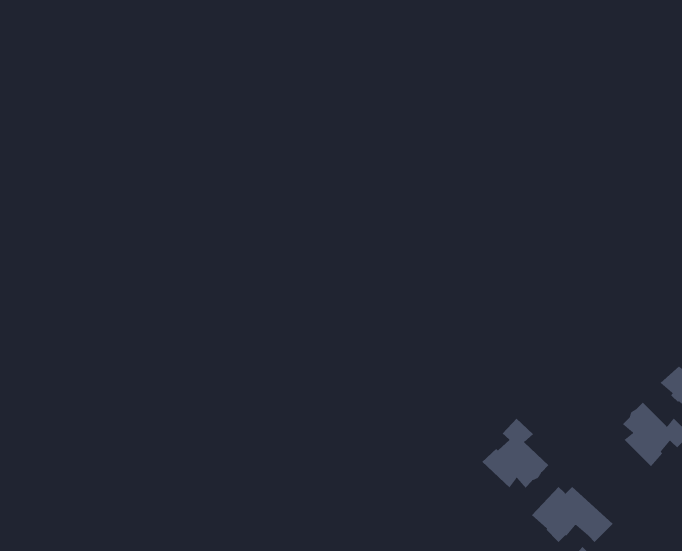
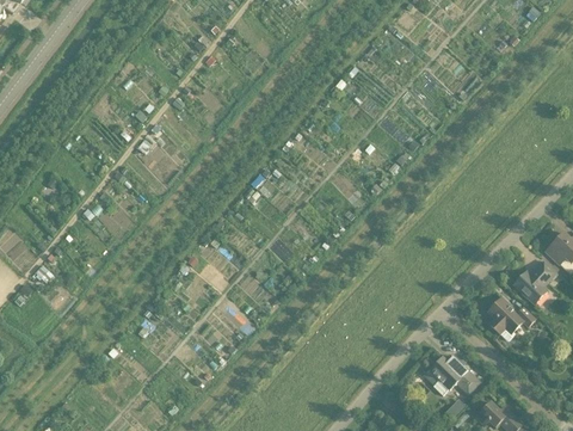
building: [482,418,549,488] -> none

